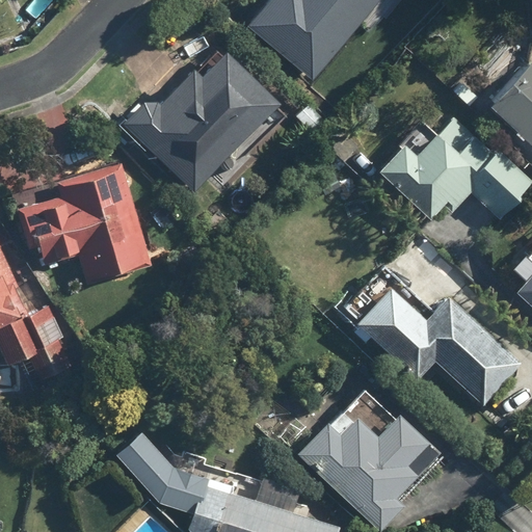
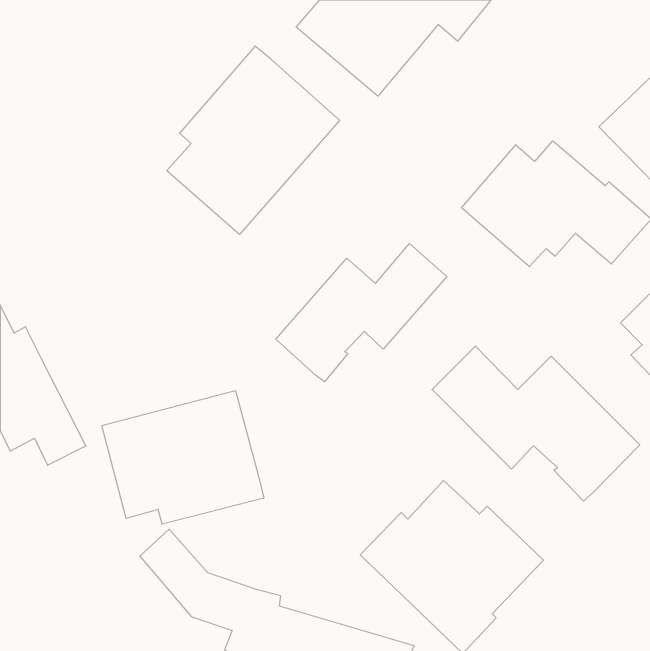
building: [16,161,149,277] -> none
building: none -> [276,244,447,382]
building: none -> [102,391,264,524]

